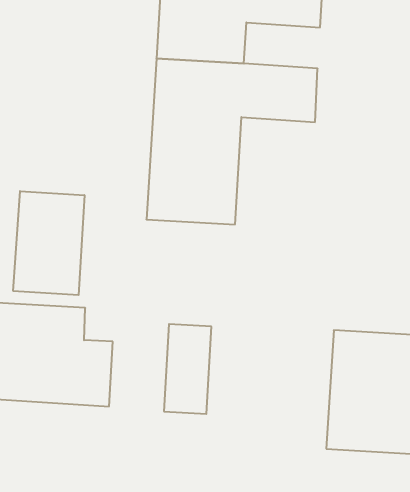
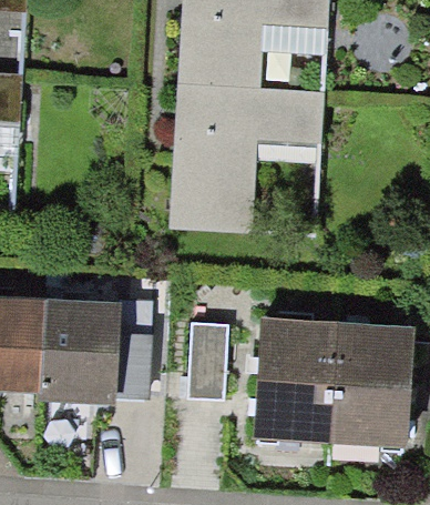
building: [13,191,84,295] -> none
building: none -> [256,322,337,432]

